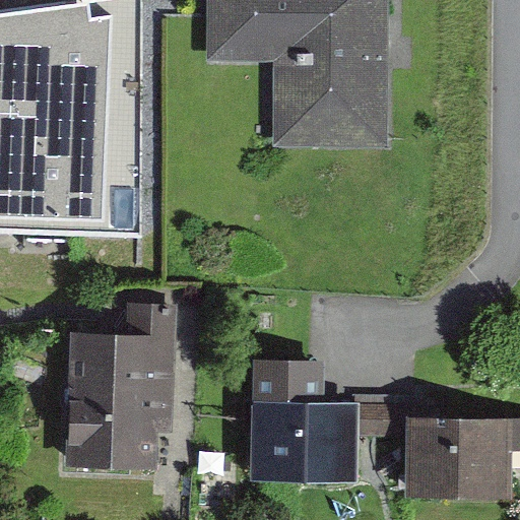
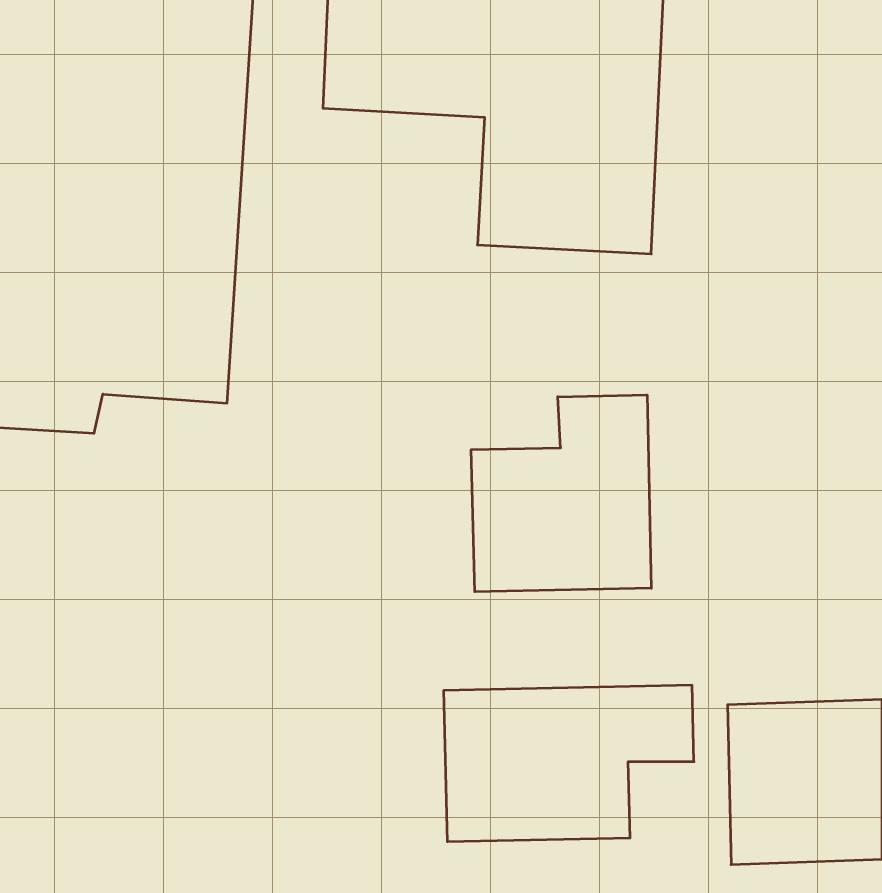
building: none -> [471,395,651,592]
building: [62,325,168,473] -> none

